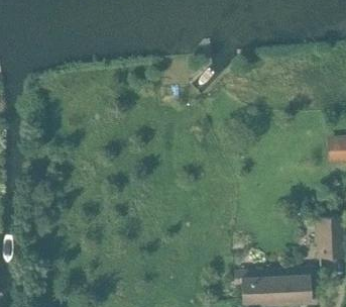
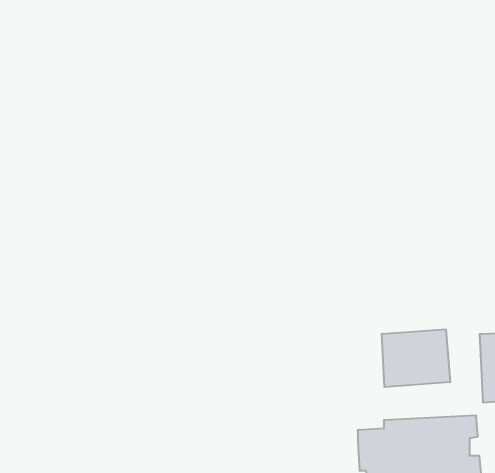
building: none -> [382,329,450,387]

